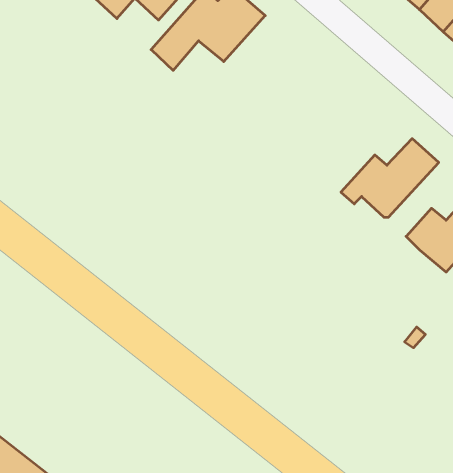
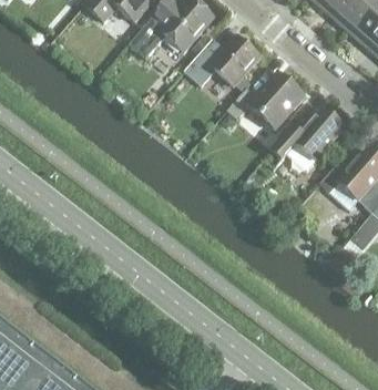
building: none -> [182,35,259,90]
building: none -> [226,73,304,130]

